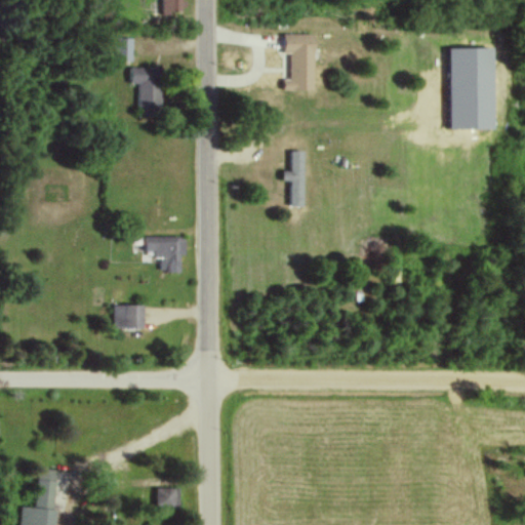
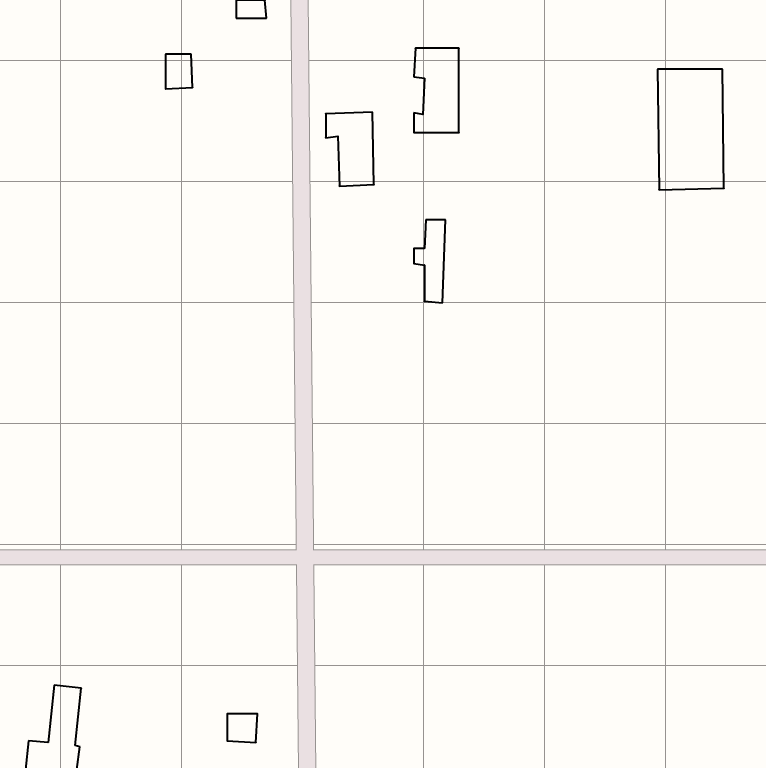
building: [130,67,163,117] -> [326,112,374,186]
building: [147,237,186,272] -> none
building: [114,305,145,328] -> none

